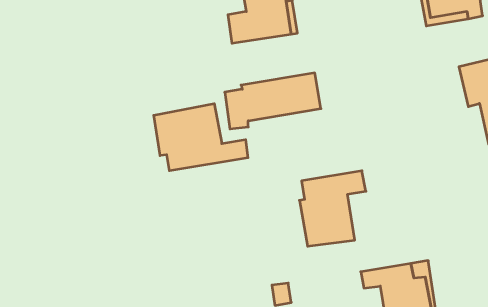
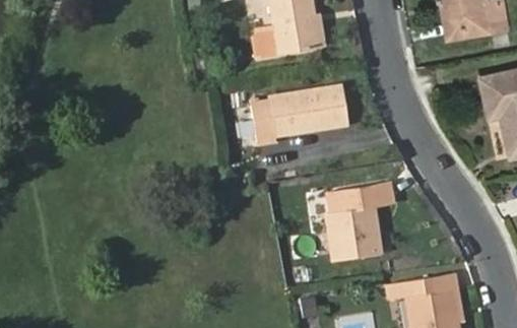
building: [154,104,248,171] -> none

